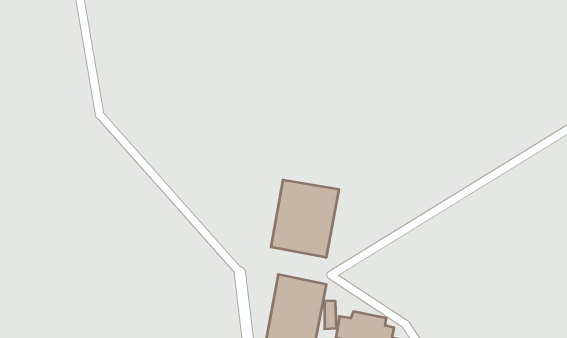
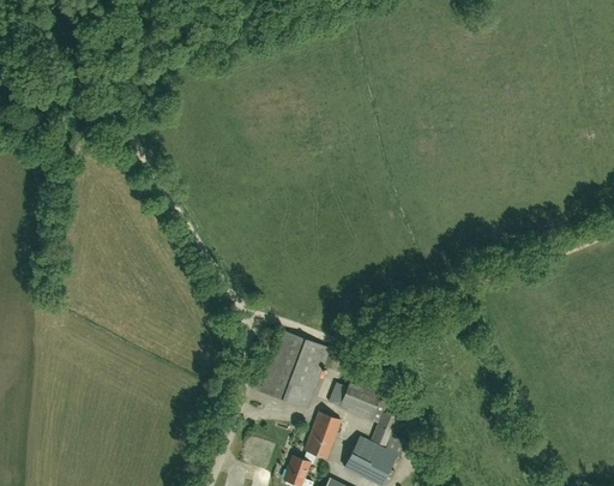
building: [271,180,339,258] -> none

